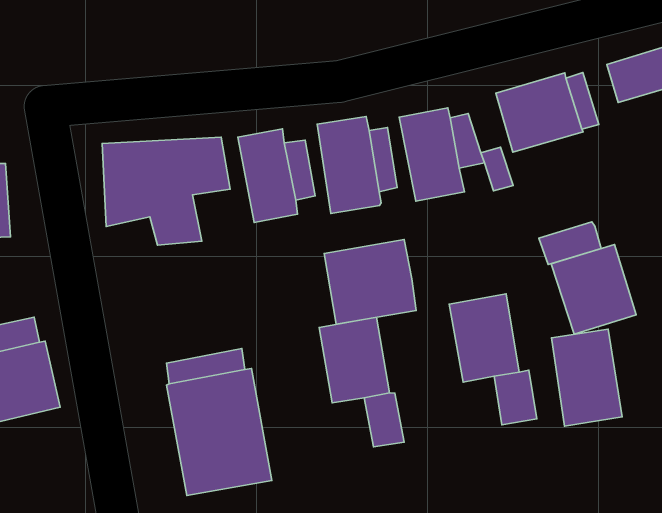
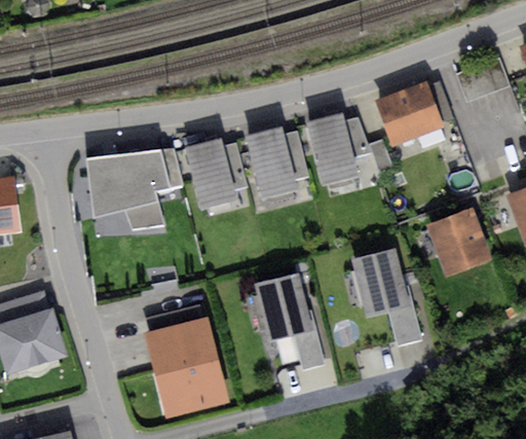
building: [539,222,601,265] -> none
building: [324,240,416,324] -> none
building: [552,329,622,426] -> none

